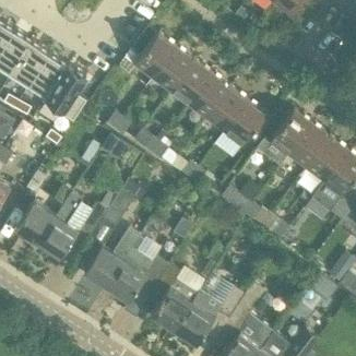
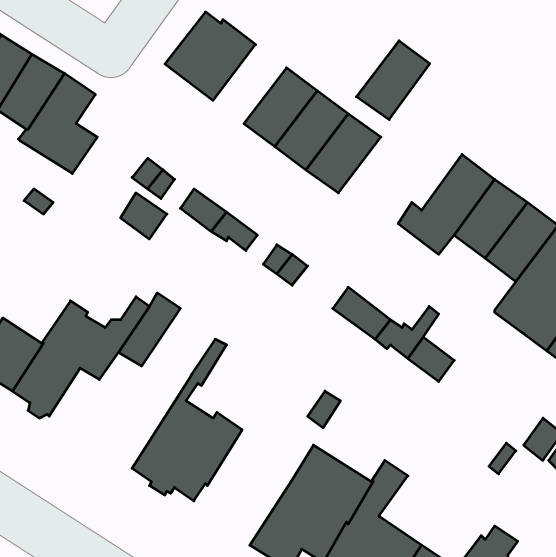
building: [153,48,194,93] -> none
building: [224,100,265,145] -> [356,41,430,120]
building: [85,228,141,288] -> none
building: [150,266,198,332] -> none

